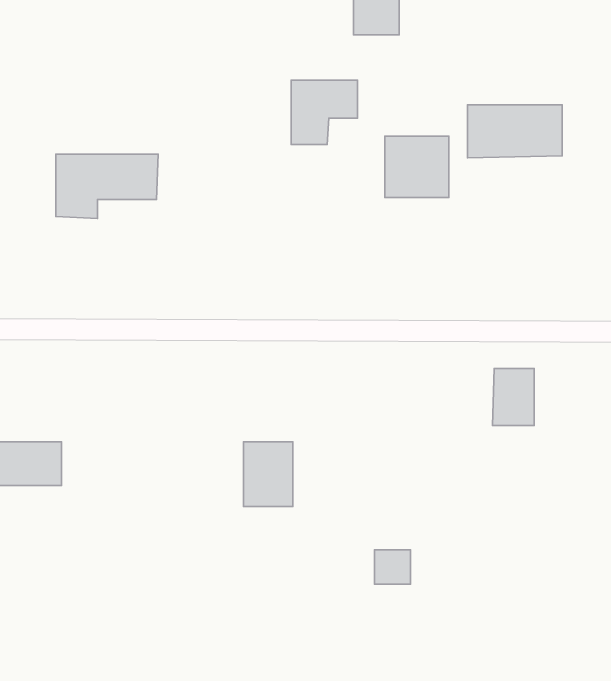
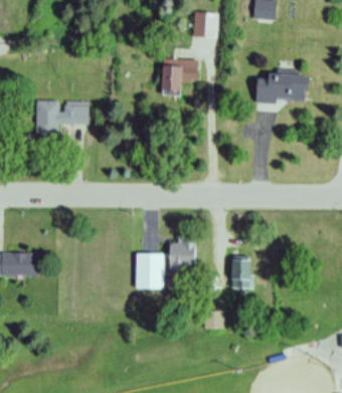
building: [385,136,449,197] -> none
building: [492,369,534,425] -> [230,258,252,288]
building: none -> [168,240,195,273]

